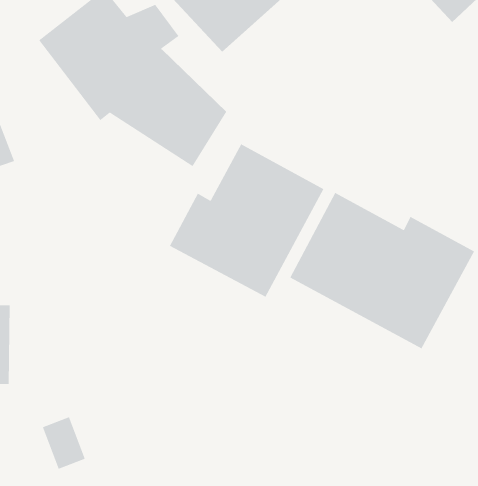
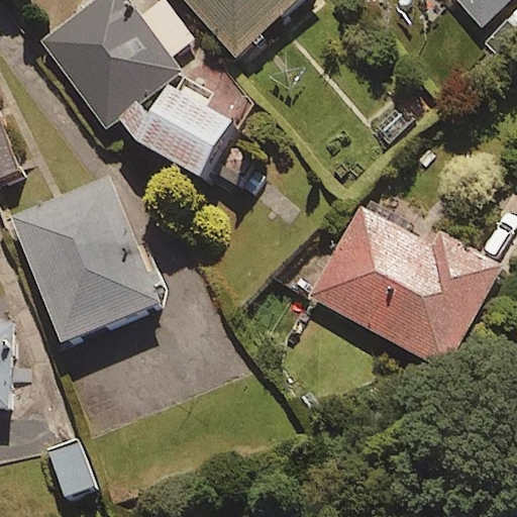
building: [169,143,325,298] -> none
building: none -> [10,176,161,341]

